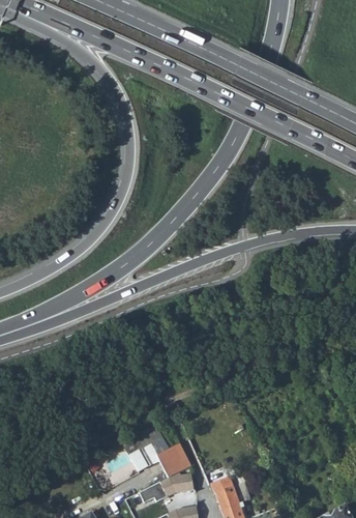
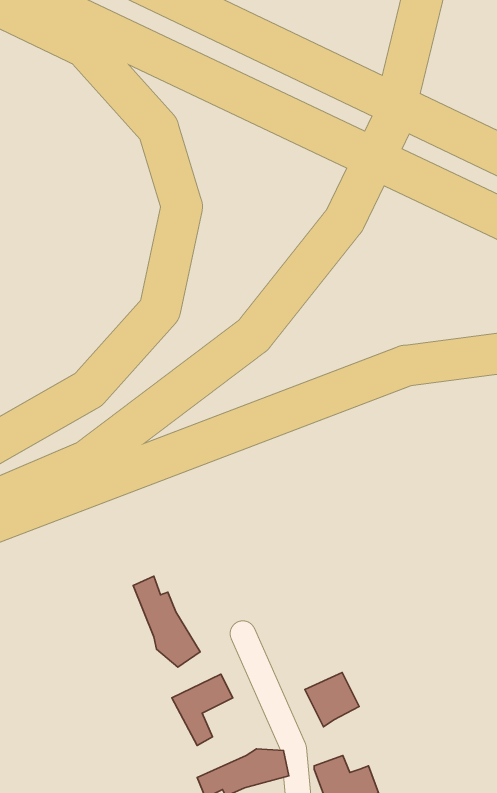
building: none -> [133,576,200,667]
building: [157,444,190,478] -> [305,672,359,727]

